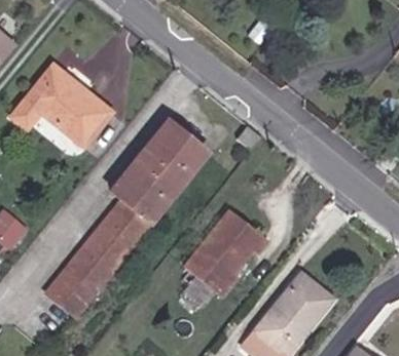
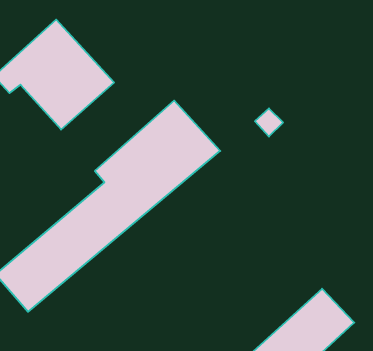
building: [180,205,257,285] -> none

